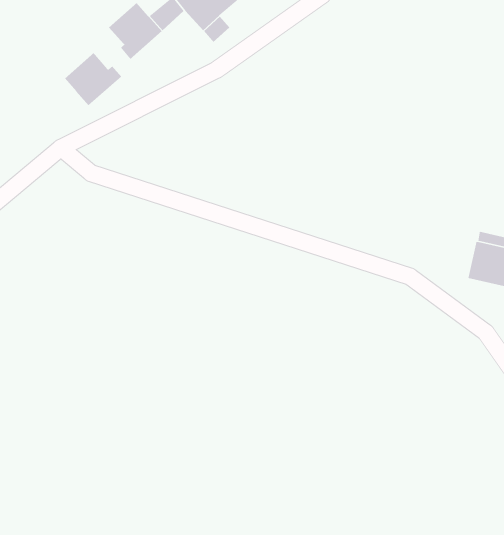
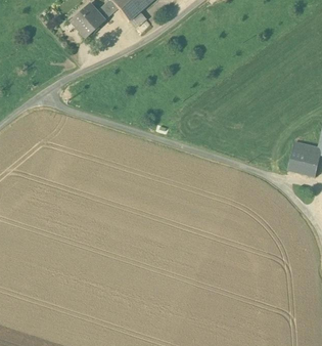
building: [64,52,122,106] -> none

